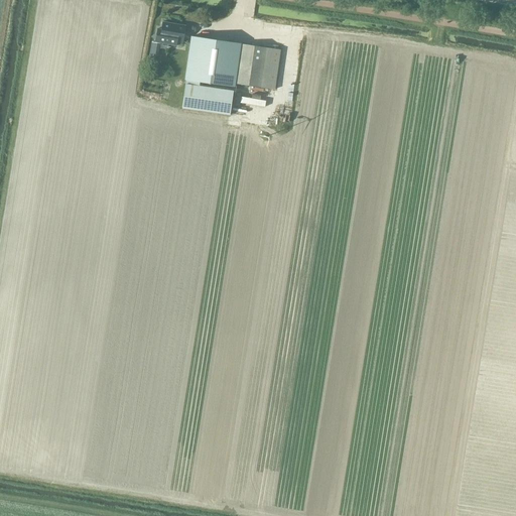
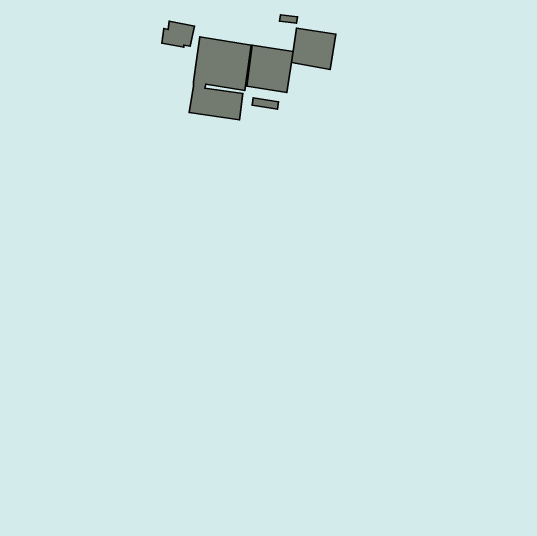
building: none -> [292,28,336,69]

